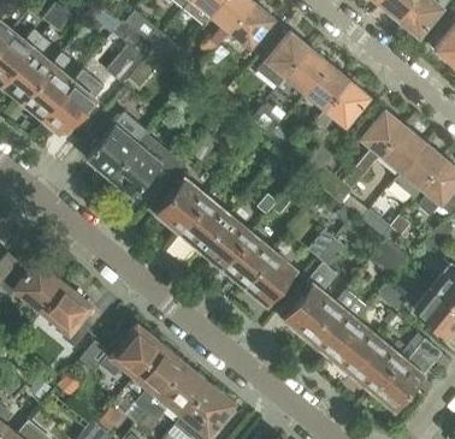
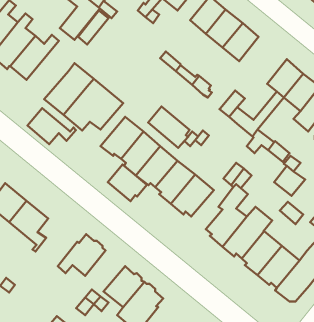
building: [314,81,370,131] -> none
building: none -> [148,106,189,148]
building: none -> [27,108,76,144]
building: none -> [108,164,147,201]
building: [135,344,184,394] -> none

